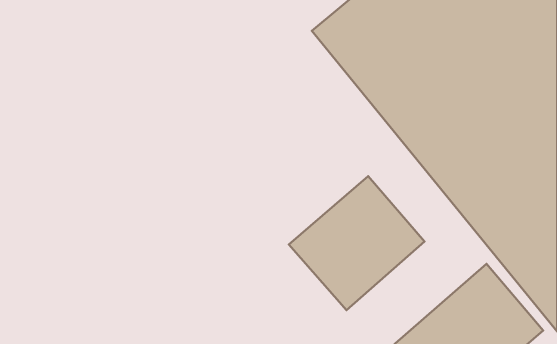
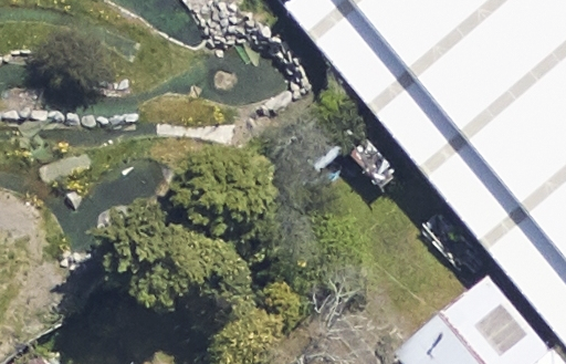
building: [289,176,425,310] -> none

